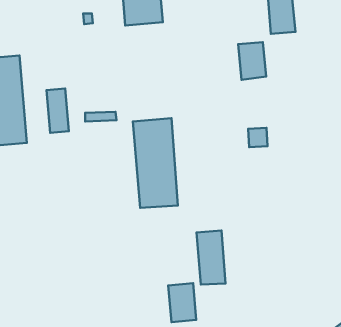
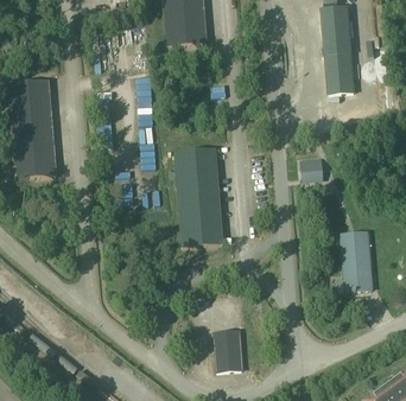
building: [238,42,266,80] -> [324,52,355,94]
building: [47,89,69,133] -> none
building: [197,230,226,284] -> [338,230,370,289]

